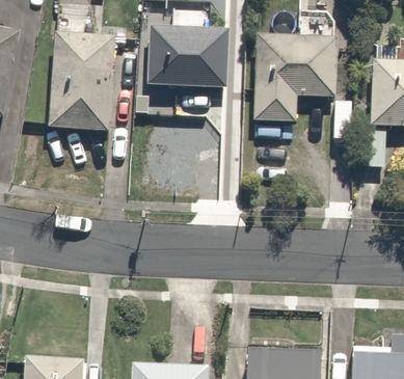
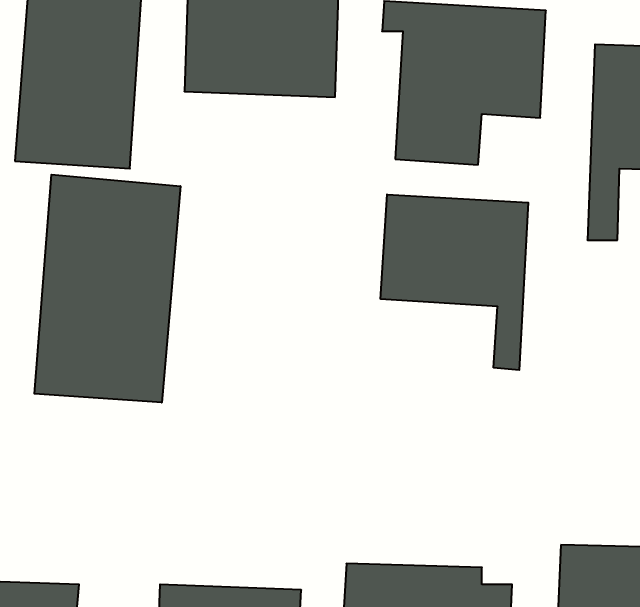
building: none -> [34,175,180,403]
building: none -> [381,194,528,370]

